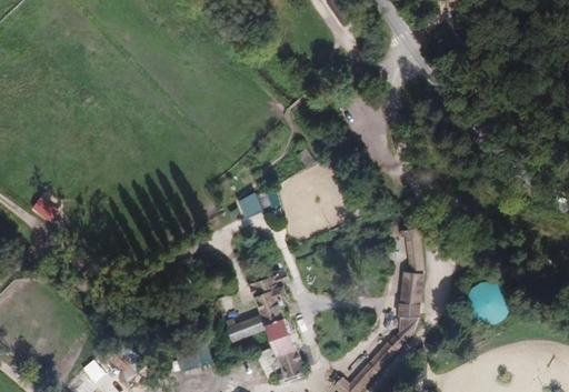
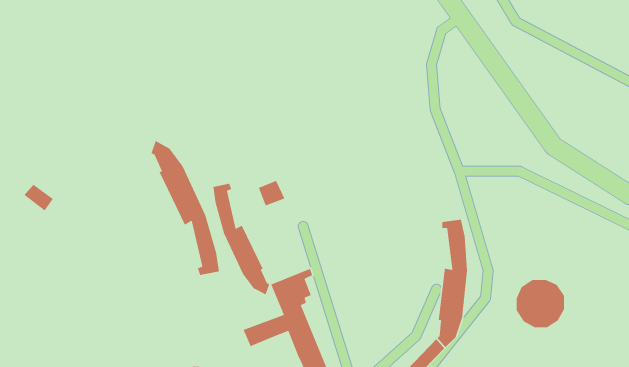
building: none -> [151,140,220,276]
building: none -> [212,183,270,295]

